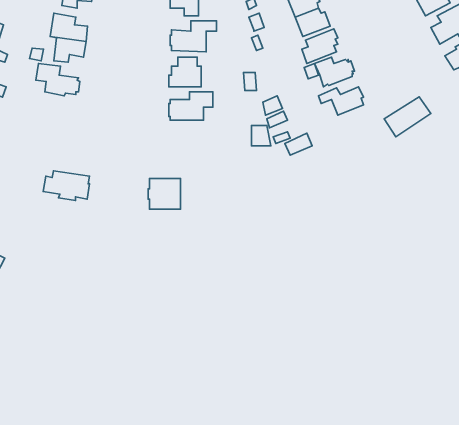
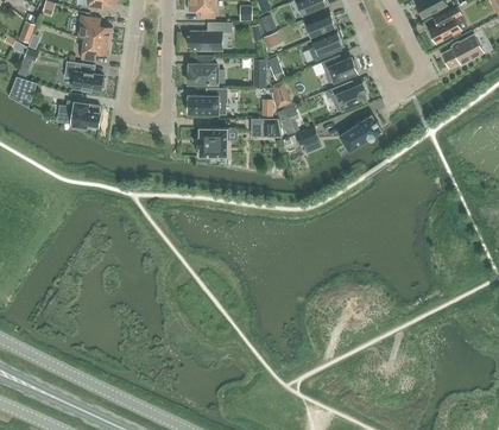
building: [384,97,431,137] -> [339,115,381,152]
building: [43,171,90,201] -> [57,101,100,128]
building: [148,178,180,209] -> [197,128,227,157]

